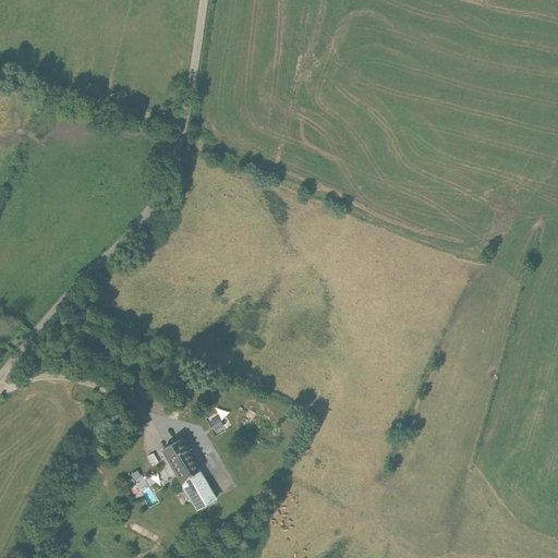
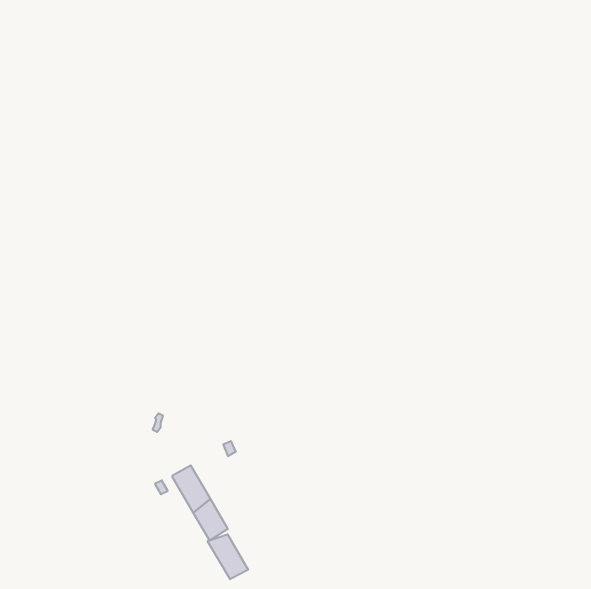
building: none -> [208,534,248,579]

